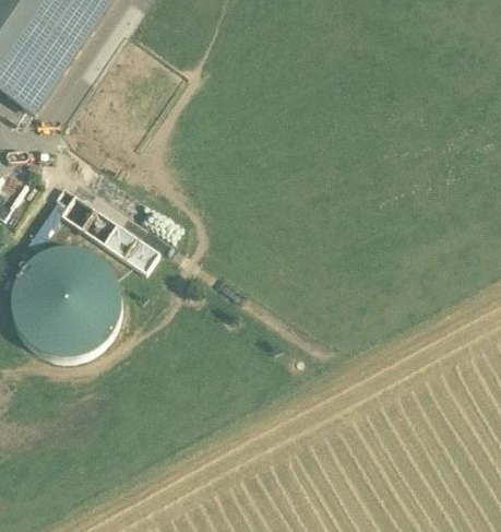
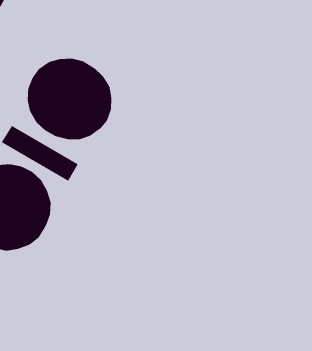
building: none -> [27,58,112,140]

